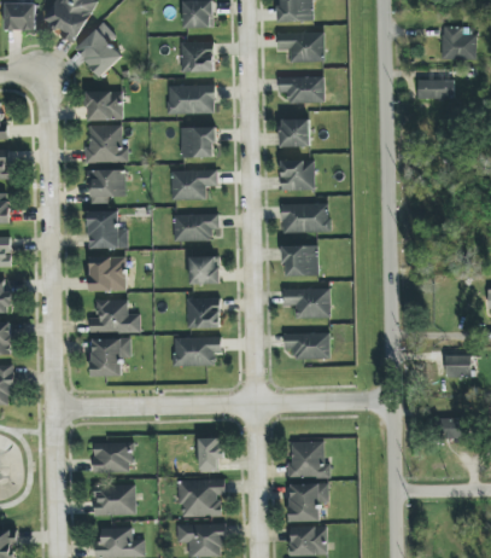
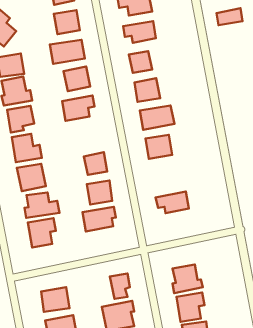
building: [174,214,220,240] -> none
building: [284,287,329,318] -> none

